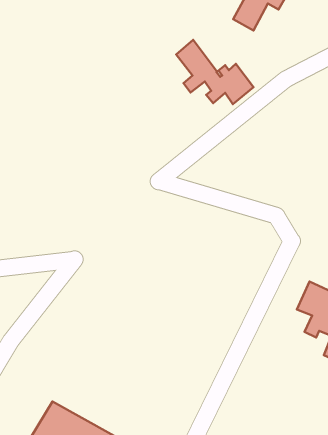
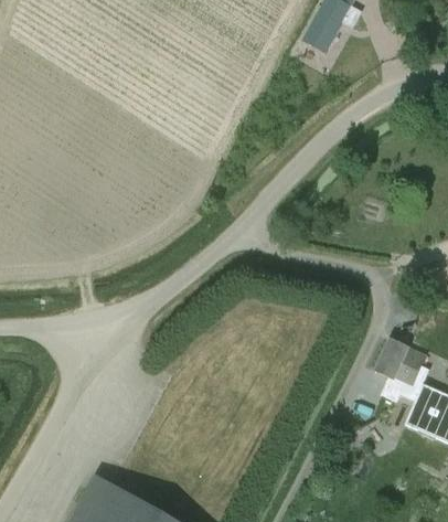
building: [176,40,254,104] -> none

